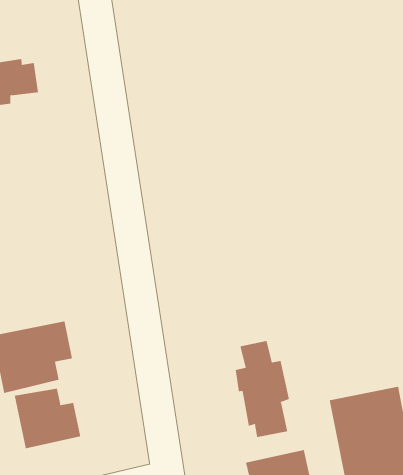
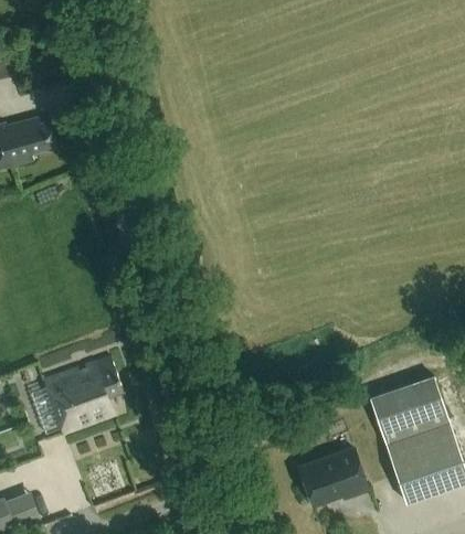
building: [235,340,290,438] -> none
building: [14,388,81,449] -> none

